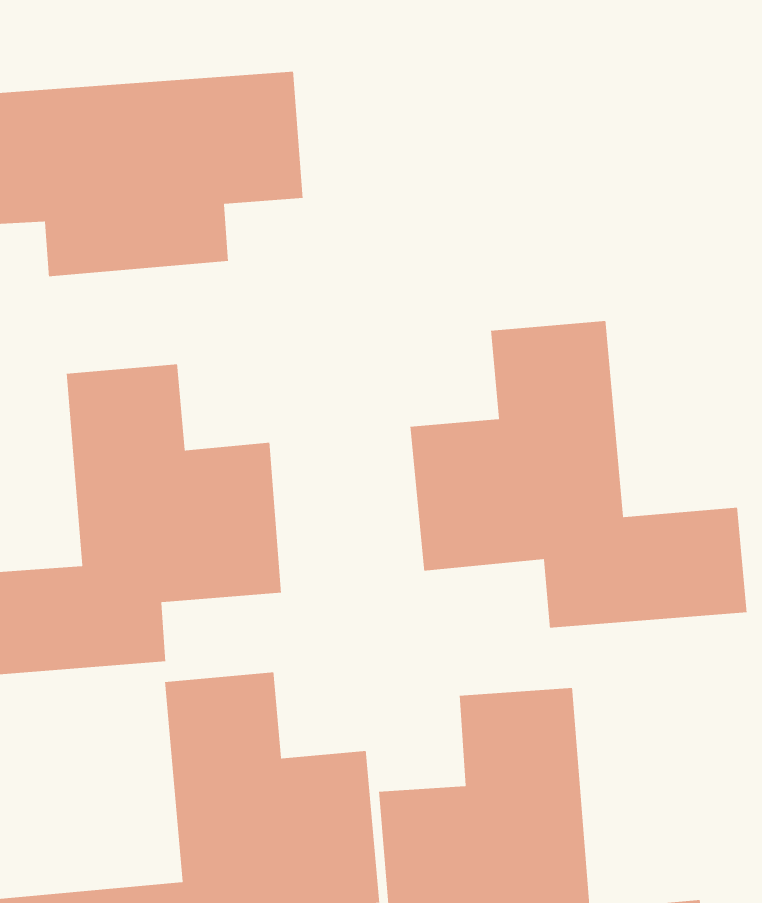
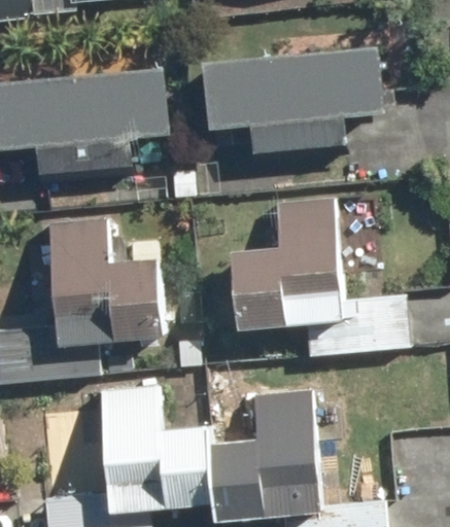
building: none -> [204,47,384,153]

